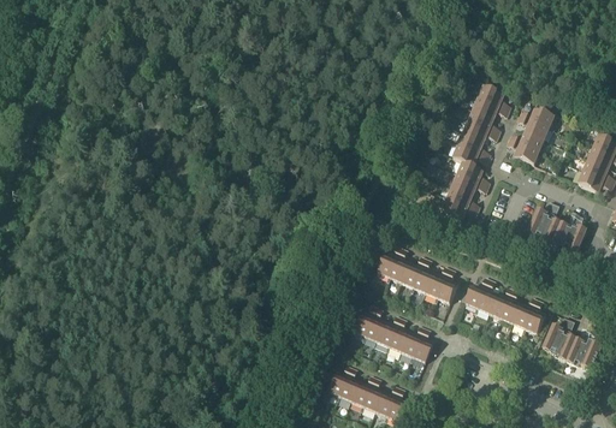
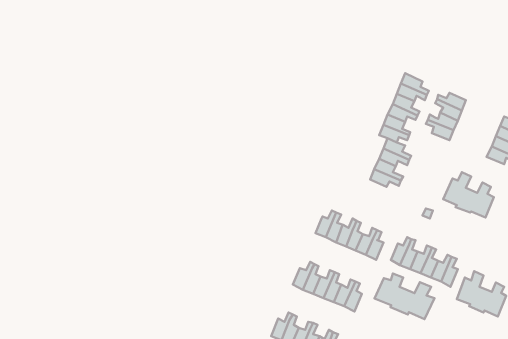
building: none -> [375,274,434,319]

